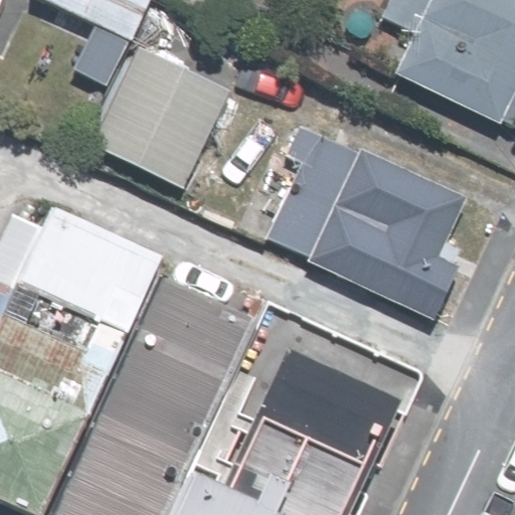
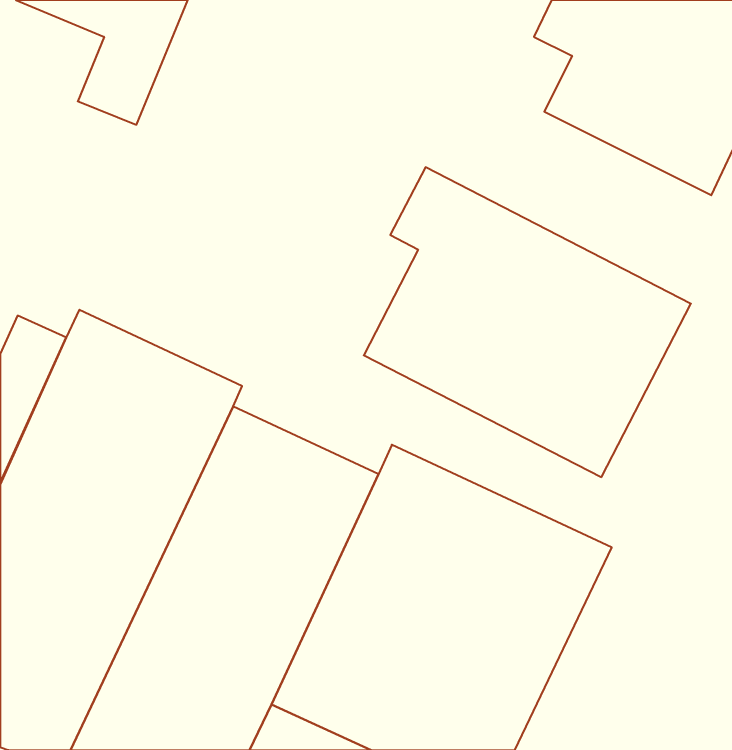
building: [85,41,233,193] -> none

